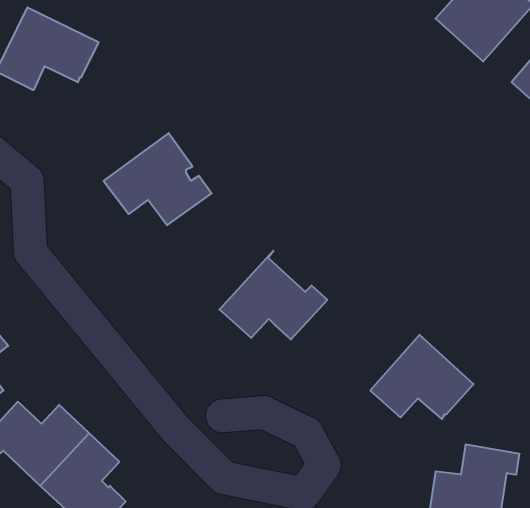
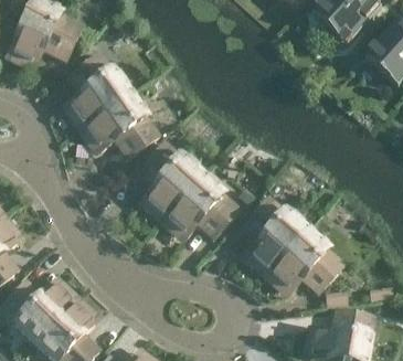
building: none -> [66,53,128,127]
building: none -> [138,142,201,216]
building: none -> [243,201,303,273]

